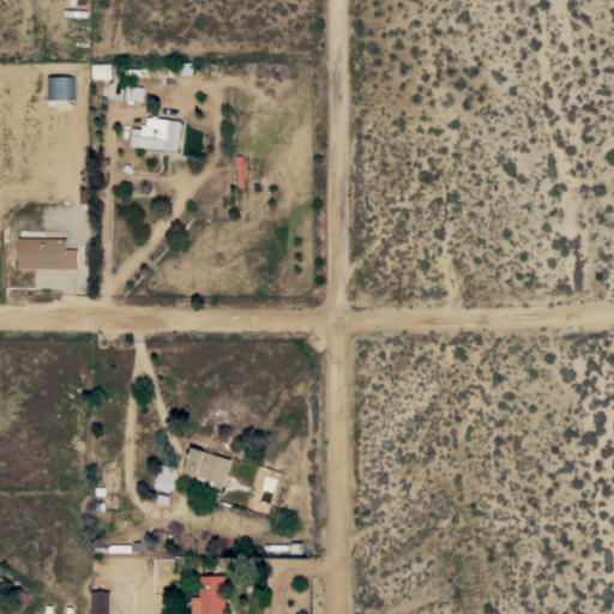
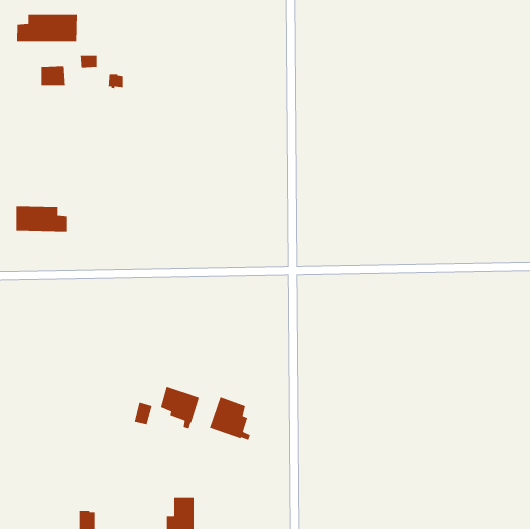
building: none -> [16,14,78,42]
building: [131,116,181,152] -> none
building: none -> [209,396,251,441]

